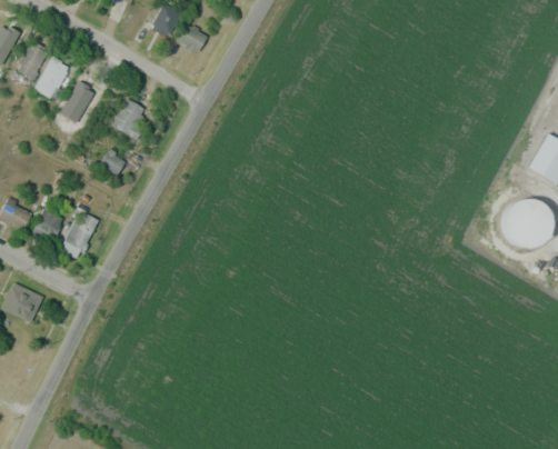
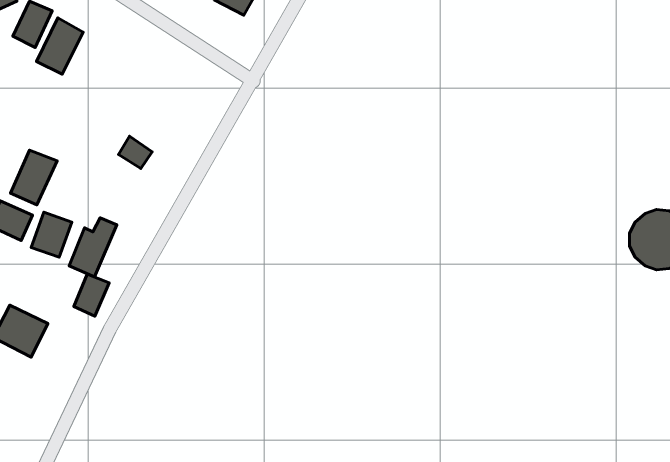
building: [58,74,94,119] -> none
building: [111,98,149,138] -> none
building: none -> [11,150,57,205]
building: none -> [74,274,109,316]

